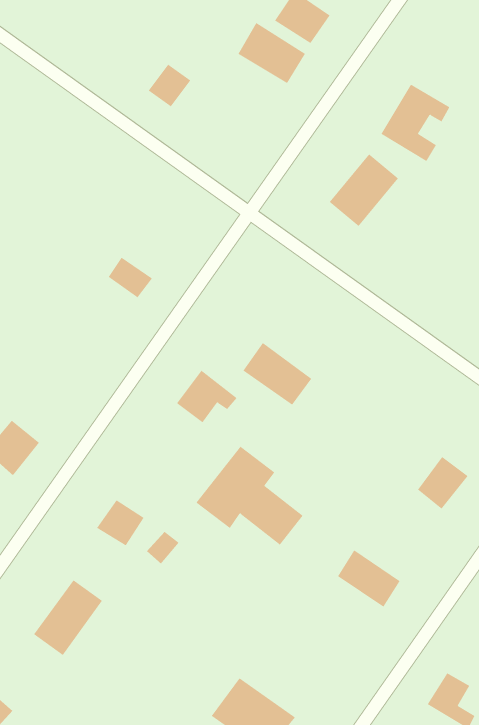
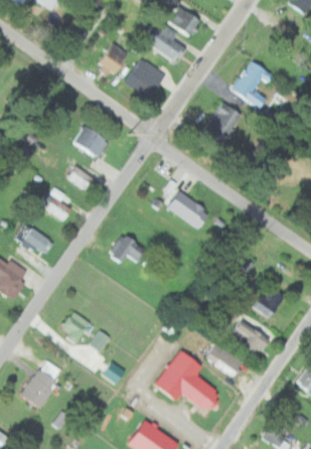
building: none -> [124,58,166,100]
building: none -> [71,125,108,159]
building: none -> [37,191,70,221]
building: [243,342,312,406] -> [168,190,210,229]
building: none -> [22,227,53,255]
building: [195,446,303,546] -> [155,350,220,411]
building: none -> [230,319,269,355]

